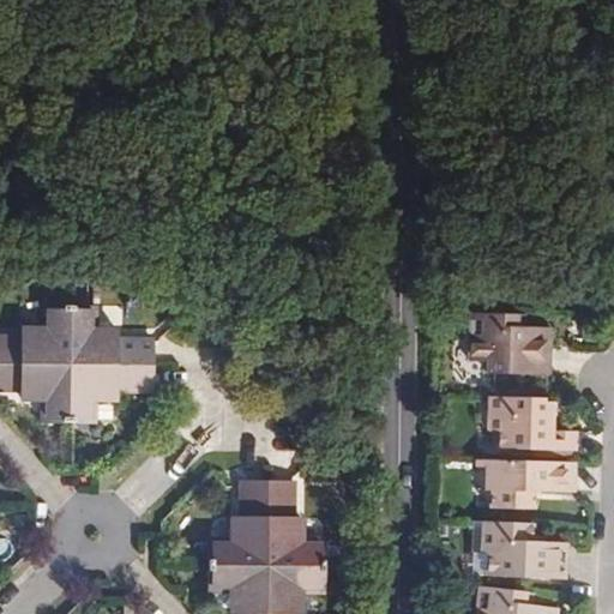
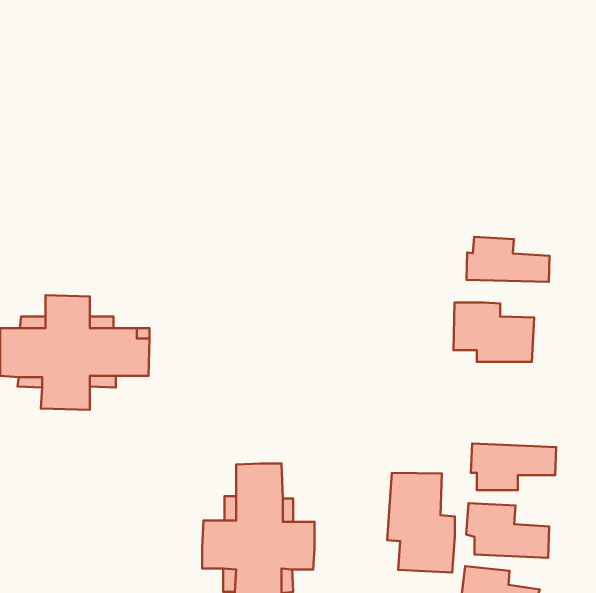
building: none -> [467,237,549,282]
building: [487,396,573,449] -> none
building: none -> [387,473,455,572]

